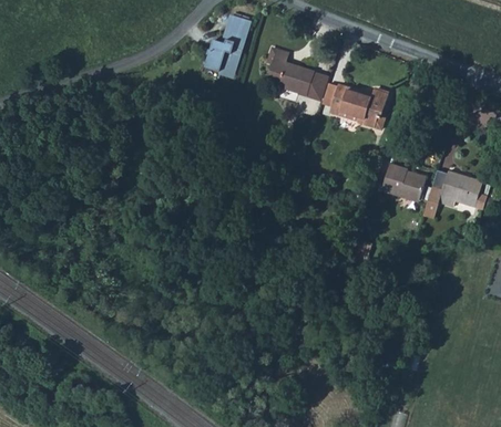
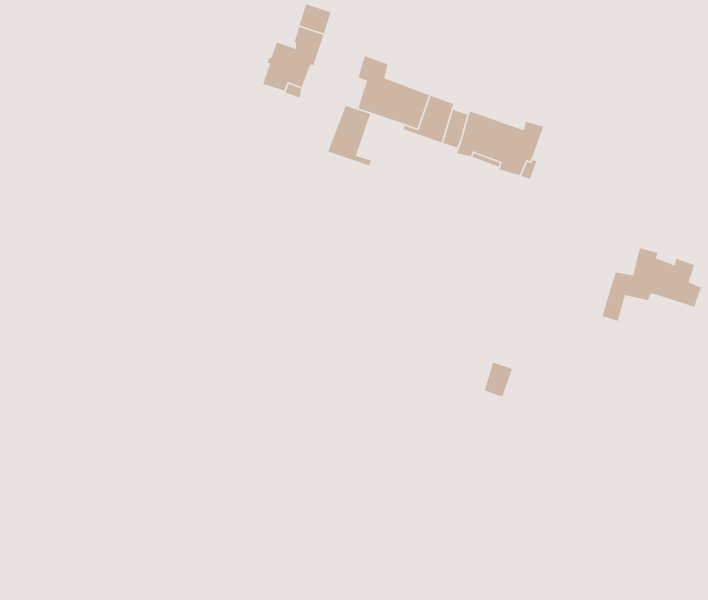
building: none -> [327,105,372,166]
building: [380,164,426,199] -> none

